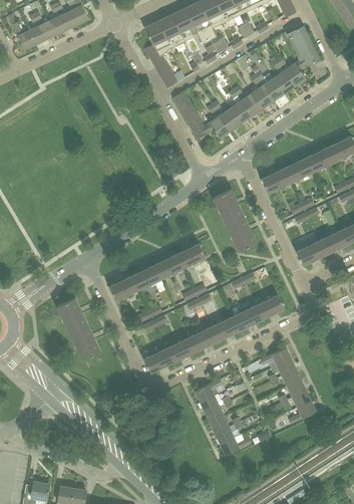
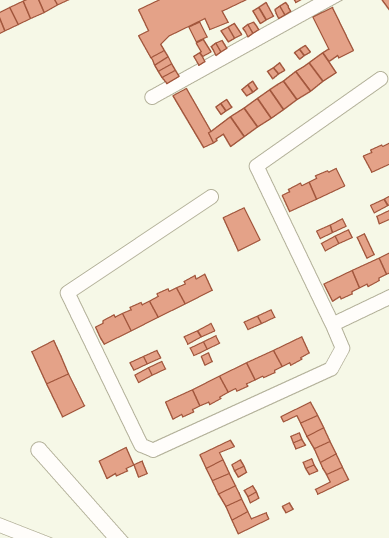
building: [306,147,335,171] -> none
building: [226,215,257,250] -> none
building: [144,347,172,372] -> [99,448,134,478]

